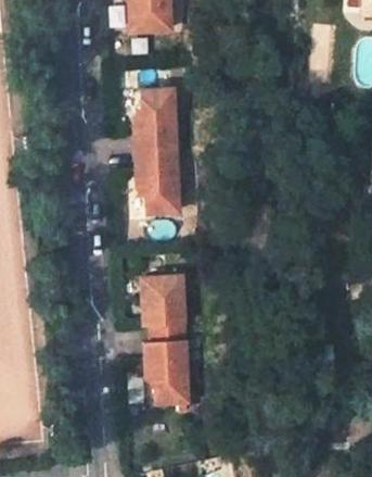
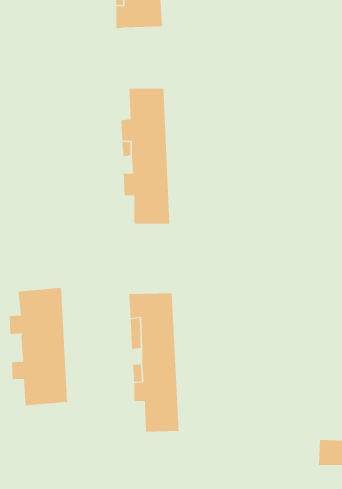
building: none -> [9,287,67,406]

